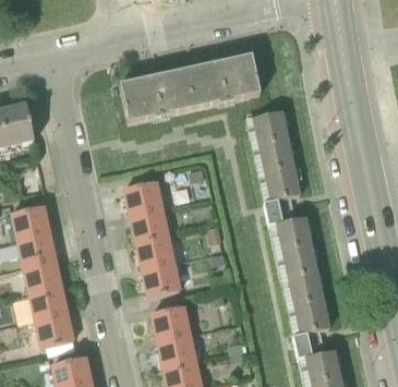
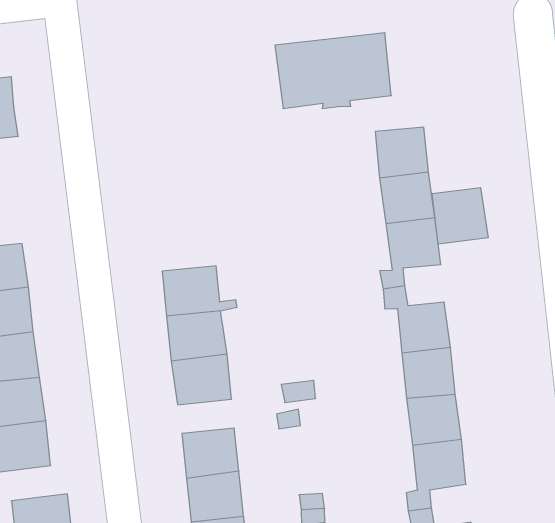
building: [119,70,194,122] -> none
building: none -> [432,188,488,244]
building: [123,181,162,215] -> none

